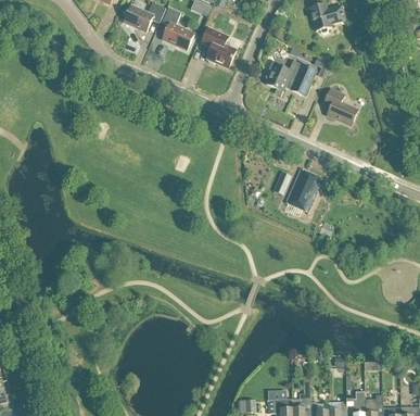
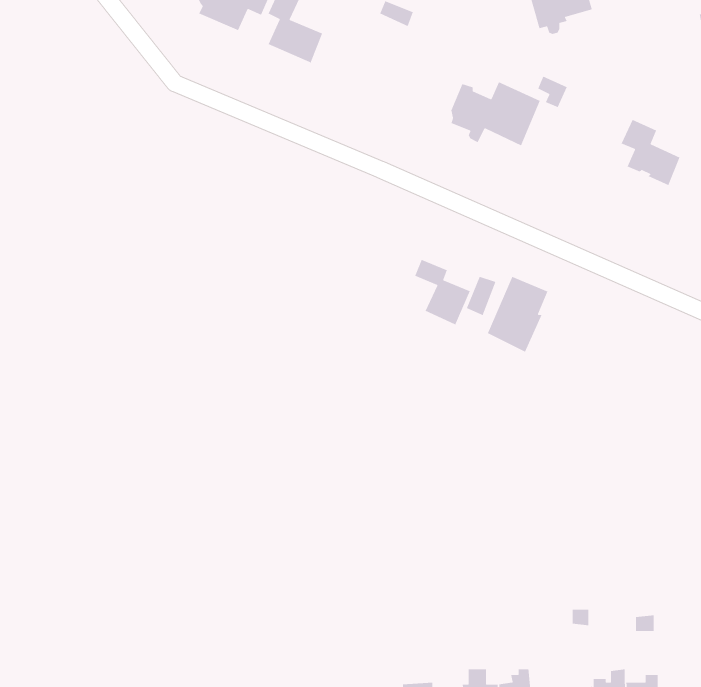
building: [201,26,236,67] -> none
building: [323,87,357,125] -> [621,119,680,186]
building: none -> [414,259,471,326]

